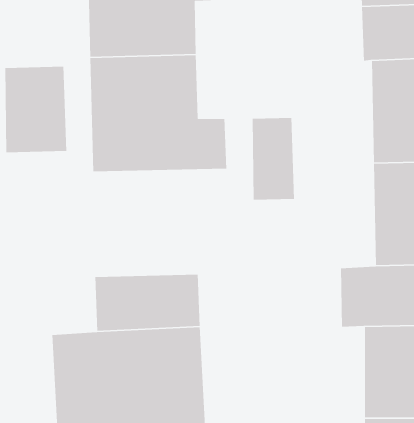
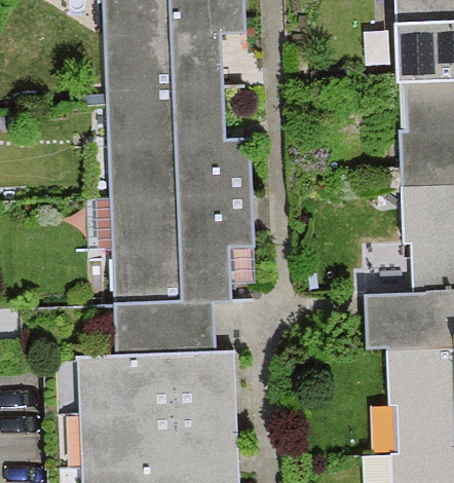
building: [5,66,67,153] -> none
building: [252,117,295,201] -> none
building: none -> [117,201,257,312]

